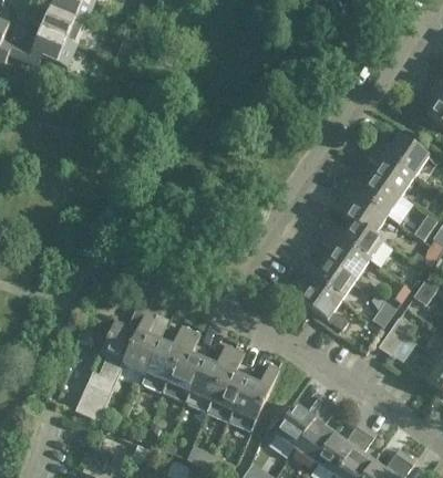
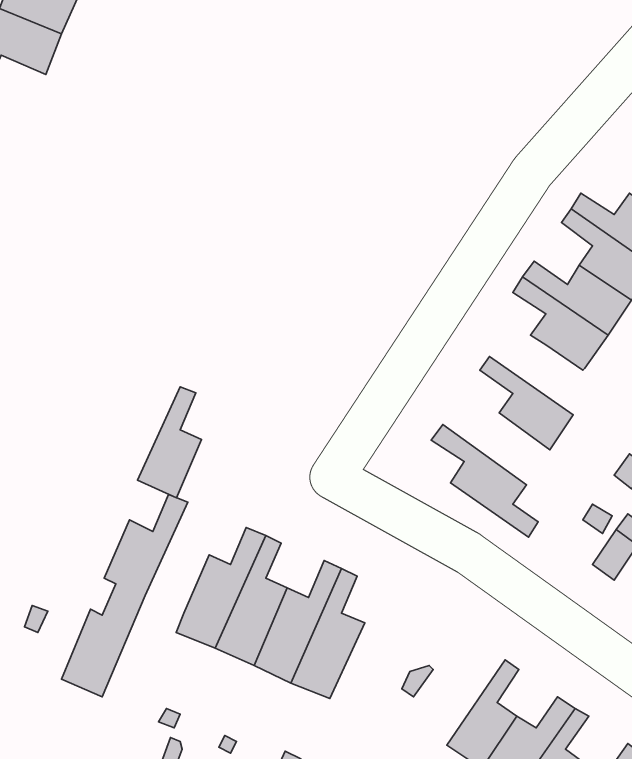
building: [320,219,383,261] -> none
building: [293,258,354,301] -> none
building: [124,311,161,374] -> [137,387,202,498]
building: [229,364,280,433] -> none
building: [275,394,329,449] -> none

